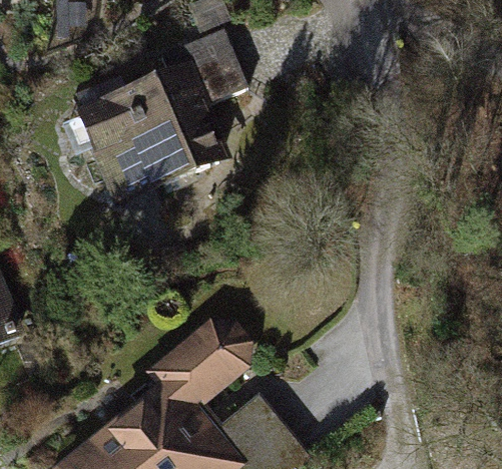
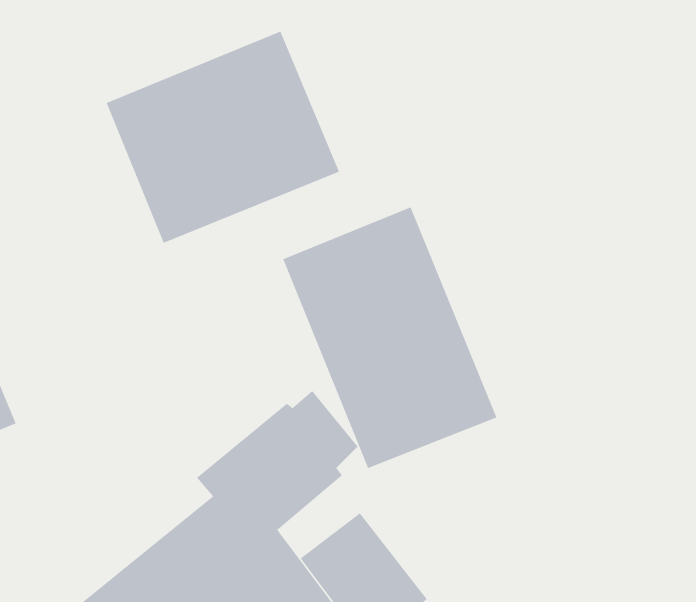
building: none -> [282,206,497,469]

